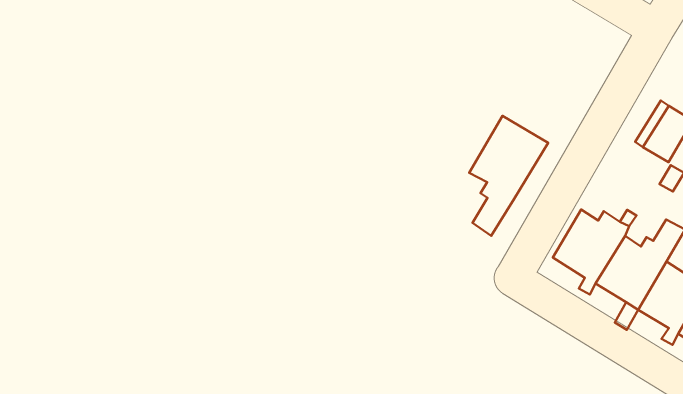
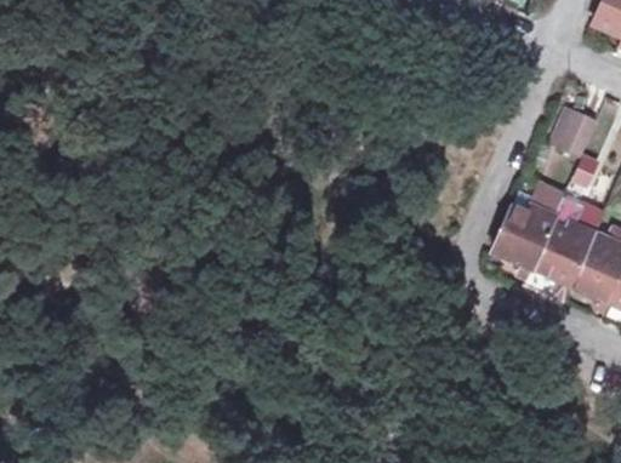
building: [469,116,548,236] -> none

